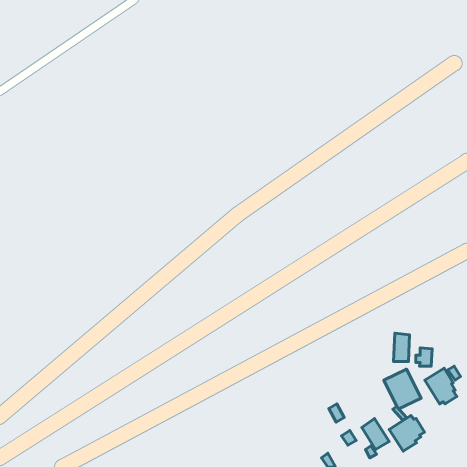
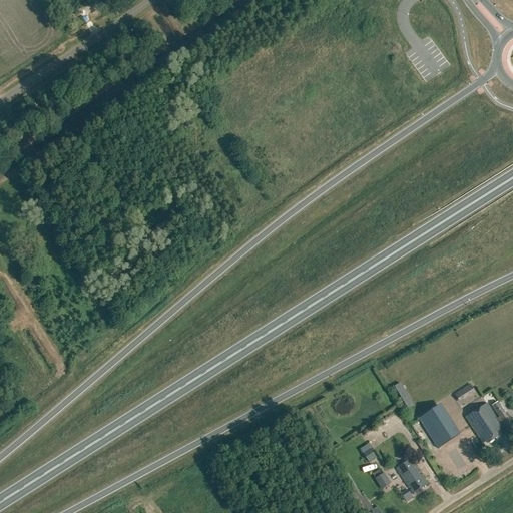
building: [393,333,410,362] -> none
building: [389,416,425,451] -> none

